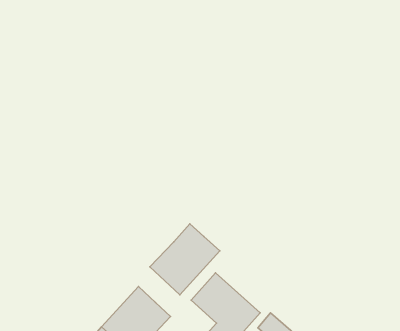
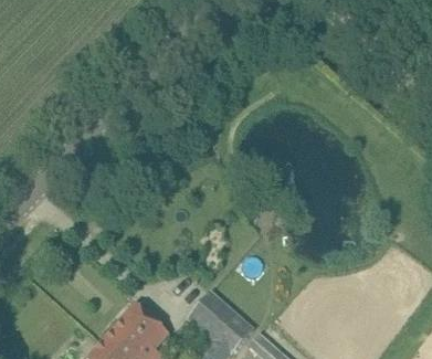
building: [150,224,220,295] -> none

